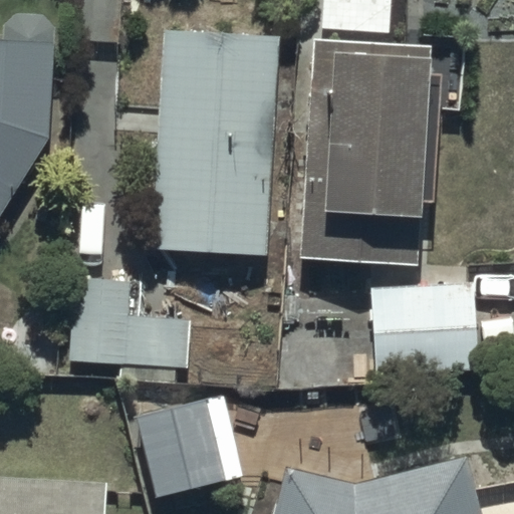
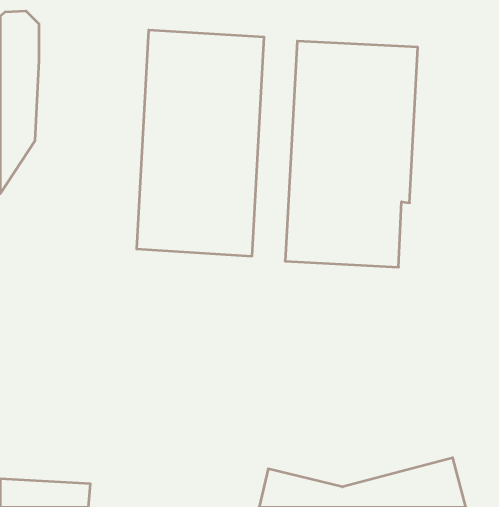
building: [73,234,191,387] -> none
building: [373,283,479,374] -> none
building: [133,390,250,499] -> none

